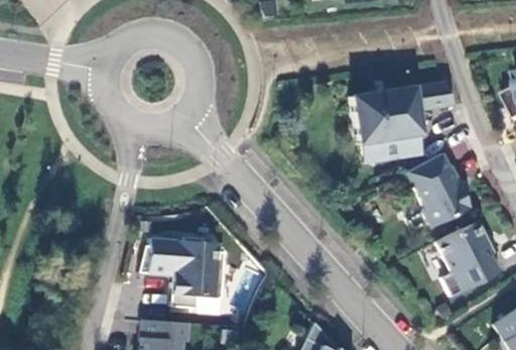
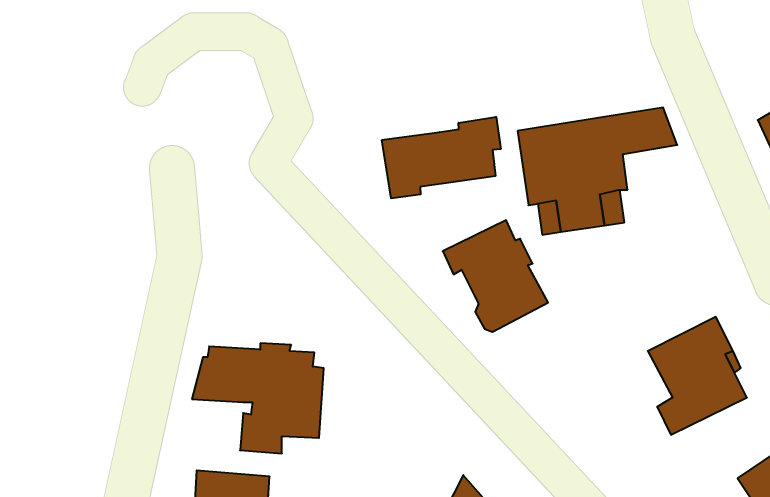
building: none -> [382,117,501,198]
building: [402,153,471,226] -> [443,220,548,332]

